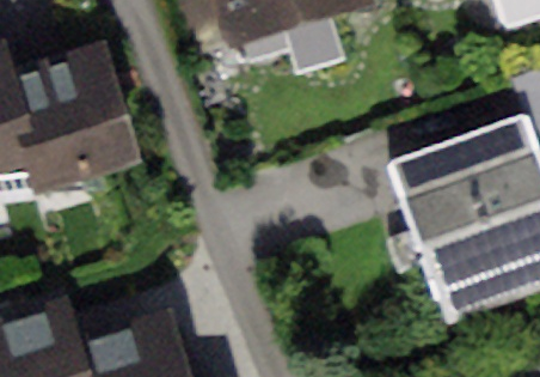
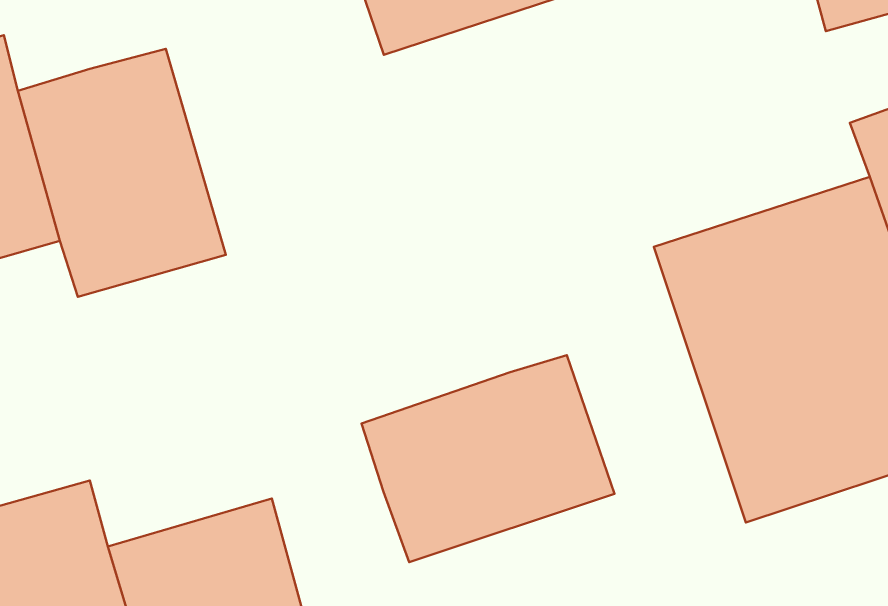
building: none -> [362,355,614,562]

